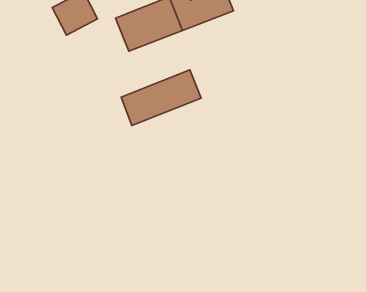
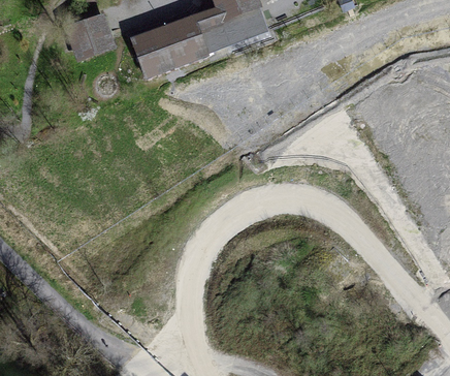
building: [121,70,201,125] -> none

